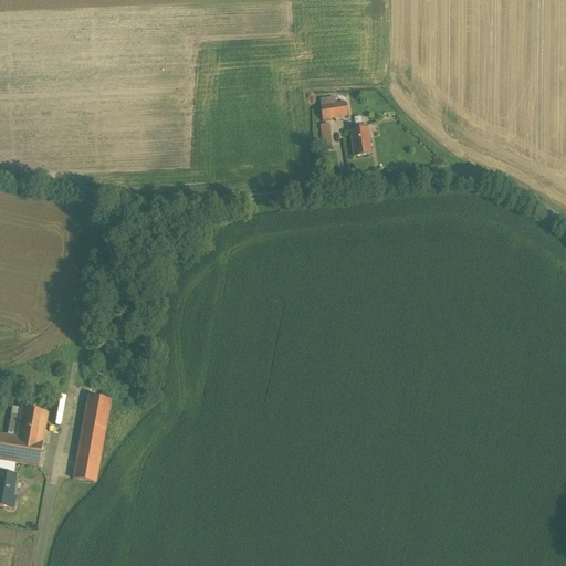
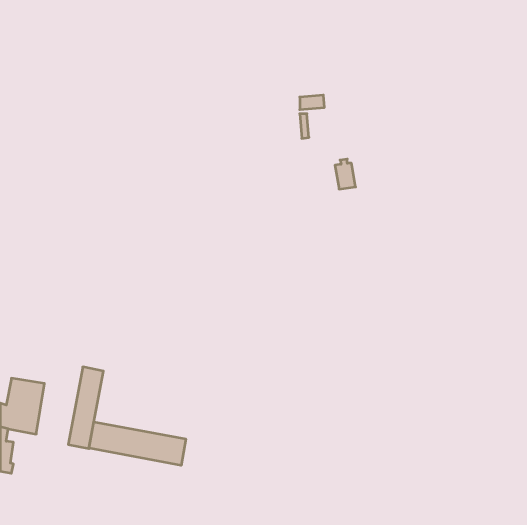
building: [350,122,373,154] -> [335,159,356,189]
building: none -> [89,422,186,465]

